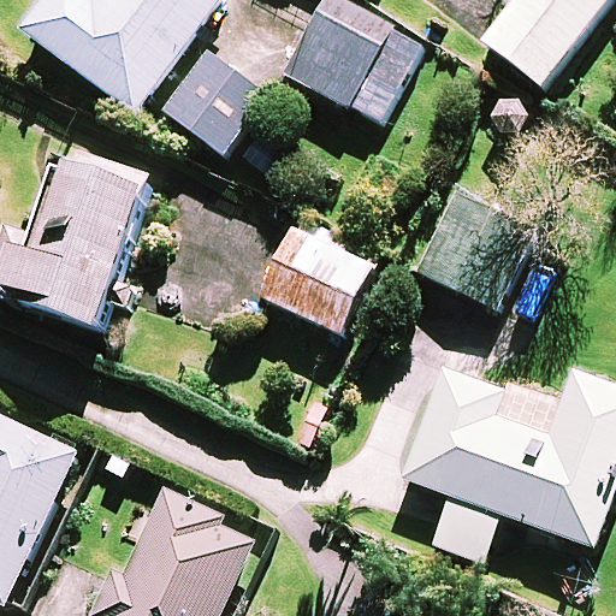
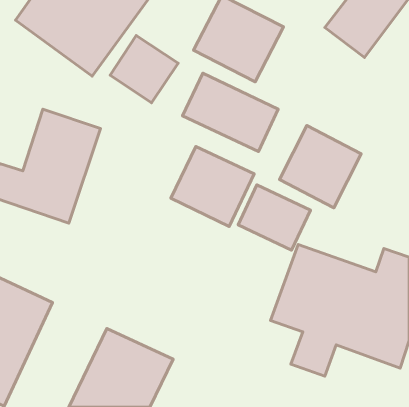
building: none -> [182,73,278,151]
building: none -> [238,185,311,250]

